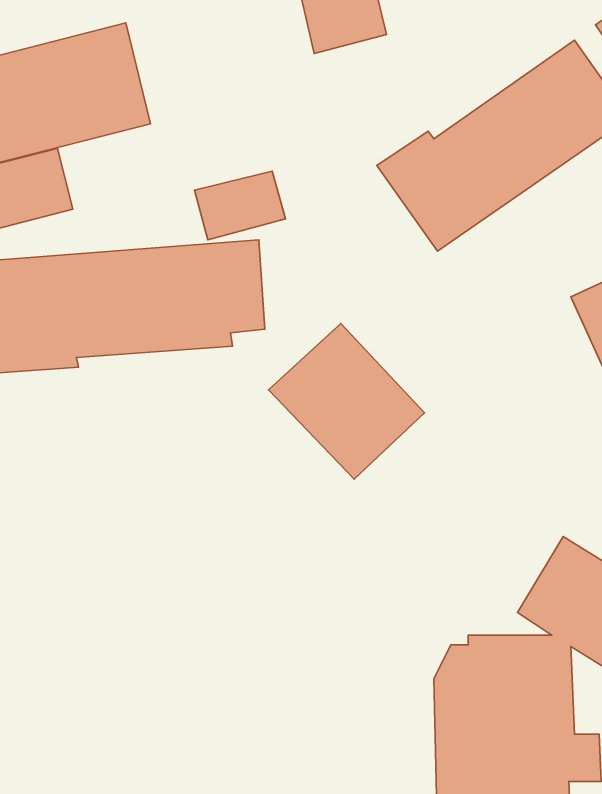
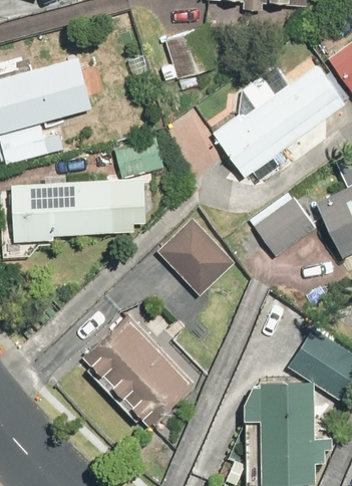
building: none -> [253,199,314,256]
building: none -> [81,317,196,429]

